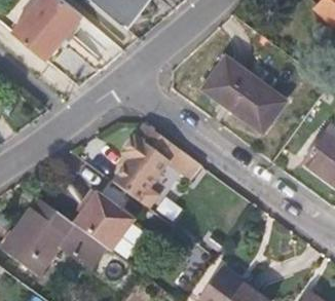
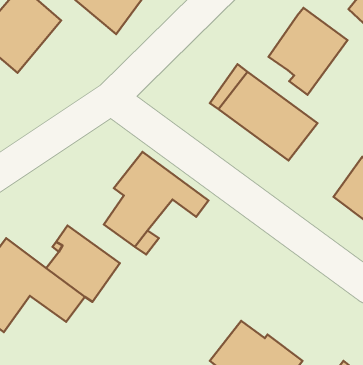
building: none -> [268,8,347,95]

